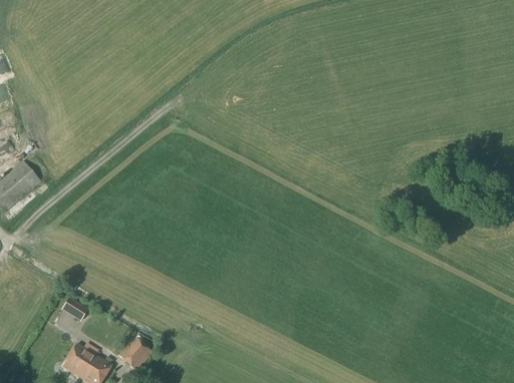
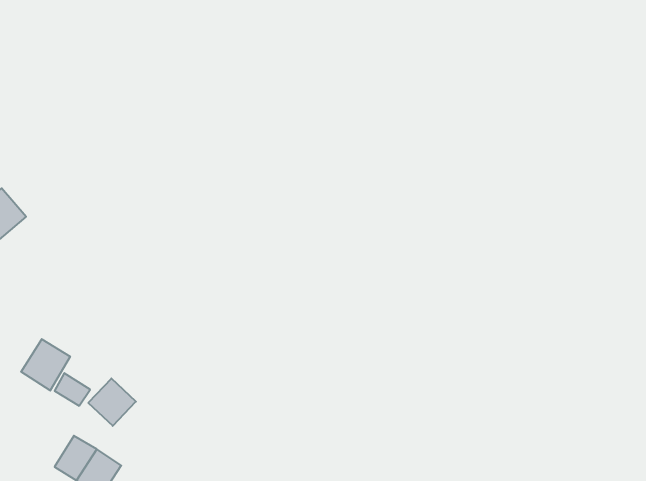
building: none -> [21,339,70,391]
building: [117,335,153,370] -> [88,378,136,426]

